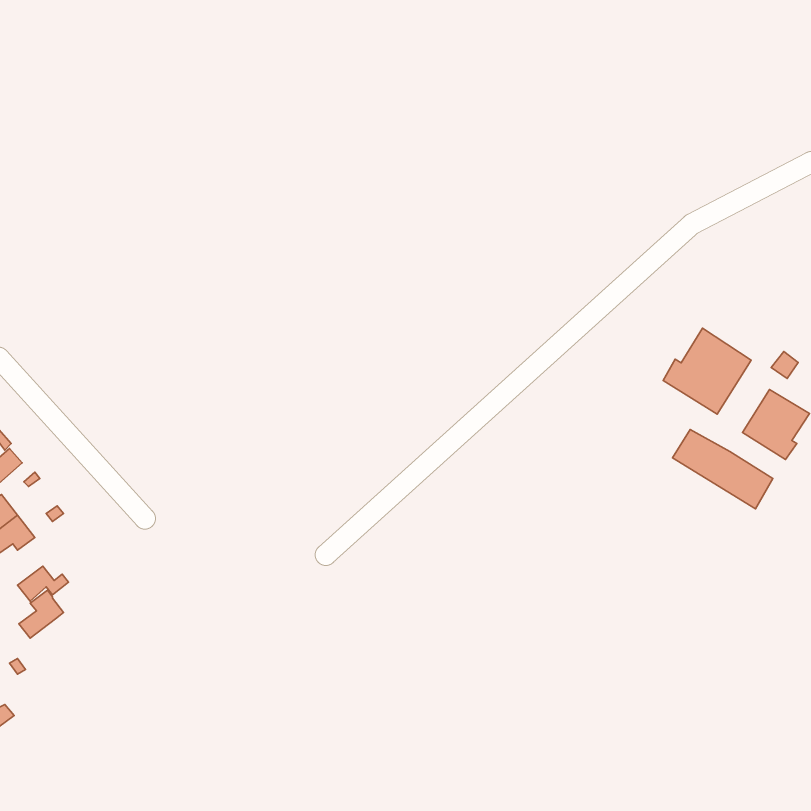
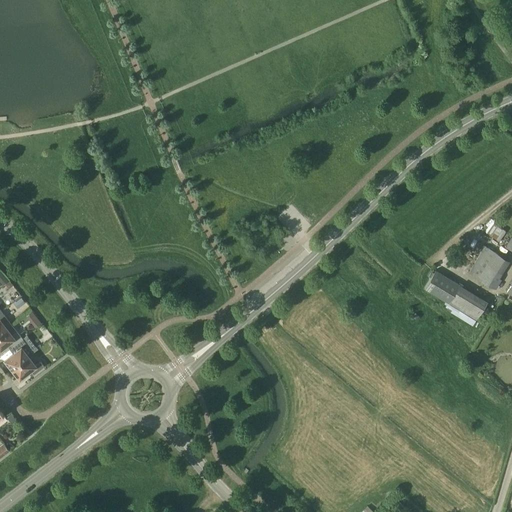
building: [663,328,751,414] -> none
building: [19,590,64,638] -> [4,339,32,369]

